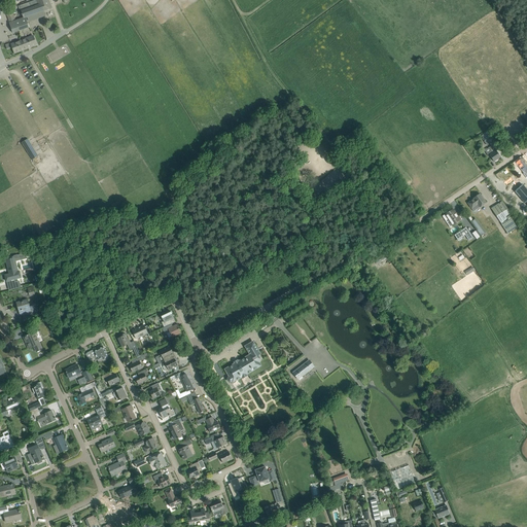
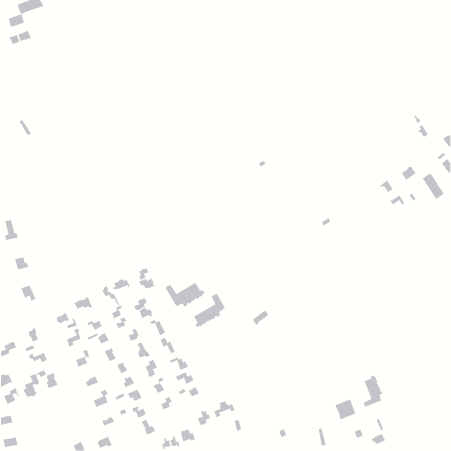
building: none -> [165,282,205,308]
building: none -> [363,375,383,408]

